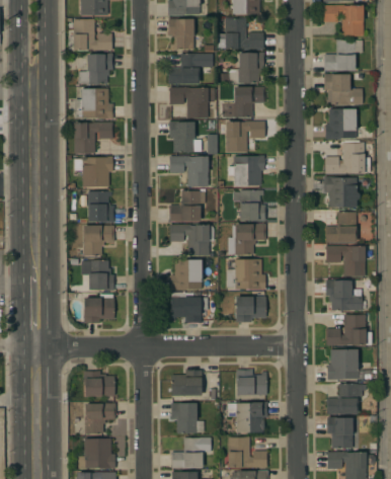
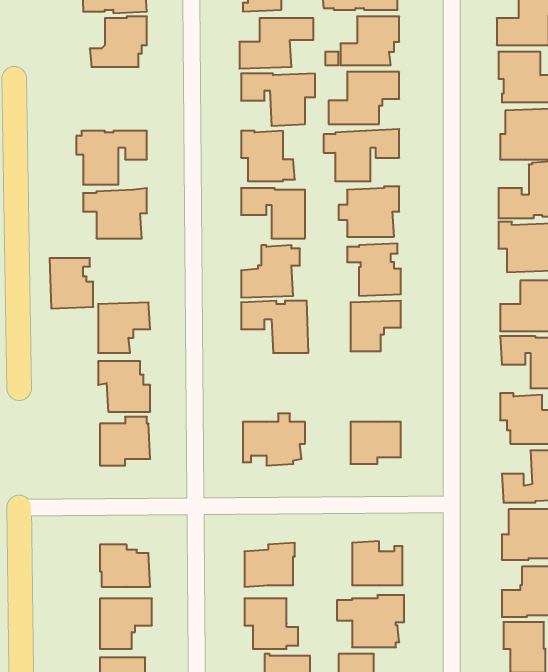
building: [68,88,113,121] -> none
building: [87,191,113,222] -> [50,258,93,309]
building: [226,259,265,290] -> none
building: [170,260,202,290] -> none

